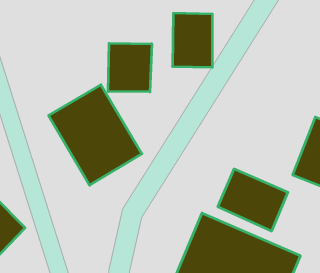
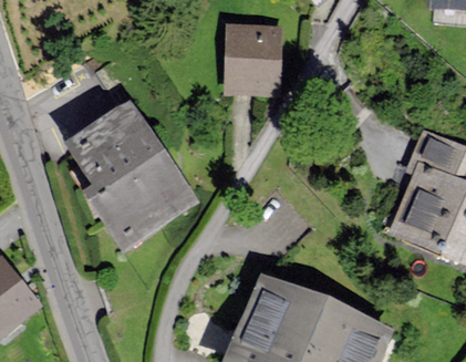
building: [108,43,152,92] -> none
building: [218,169,288,231] -> none

